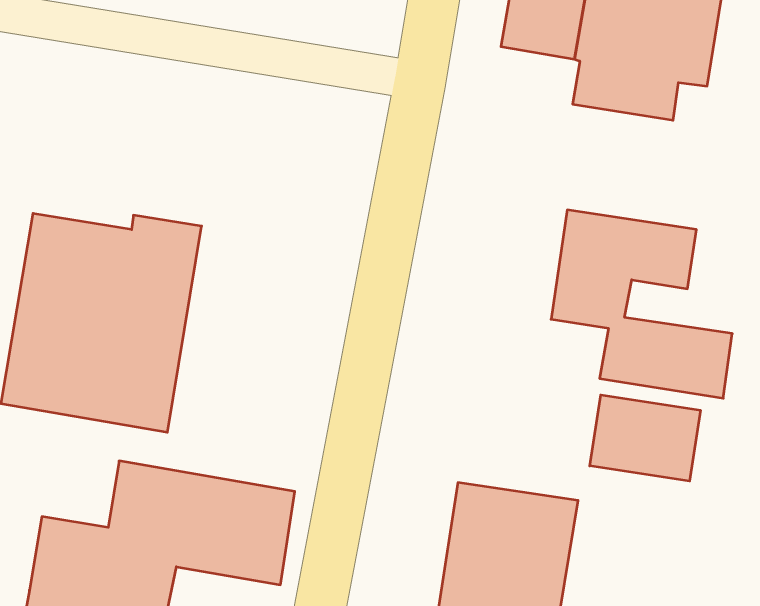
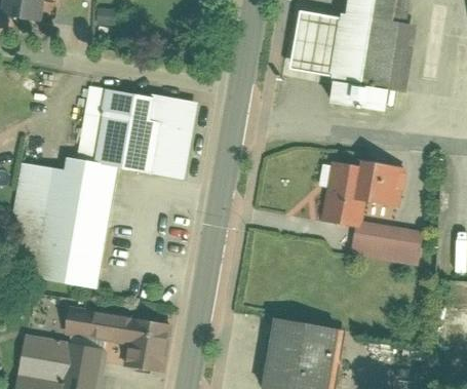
building: none -> [78,85,198,180]
building: [590,395,700,481] -> none

